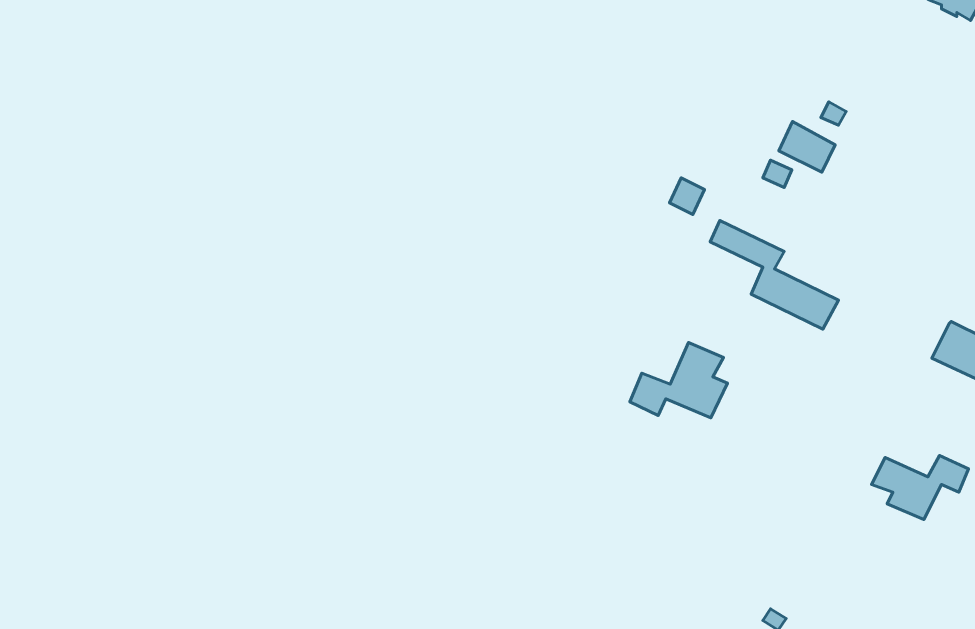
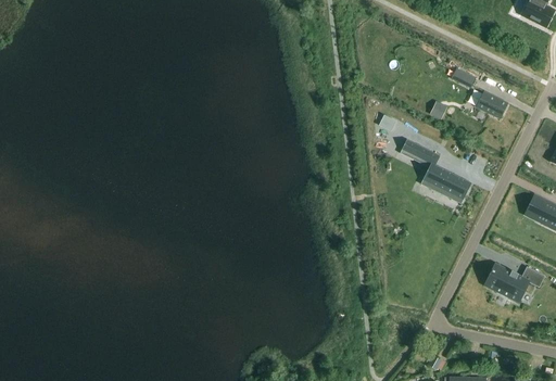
building: [779,122,835,172] -> [477,89,508,117]
building: [630,343,728,418] -> none

